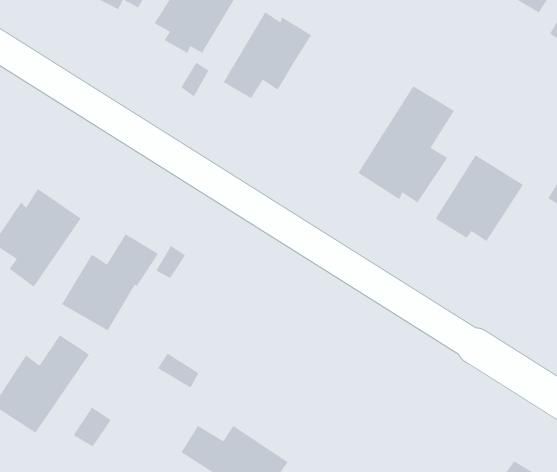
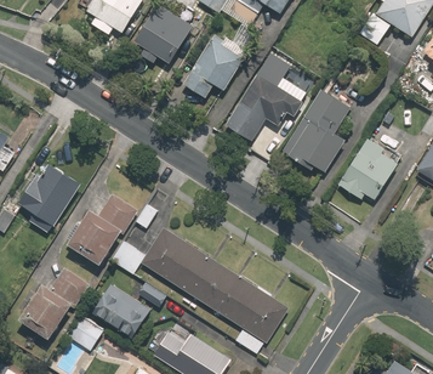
building: none -> [224,51,303,141]
building: none -> [110,227,289,352]
building: none -> [96,287,149,336]

